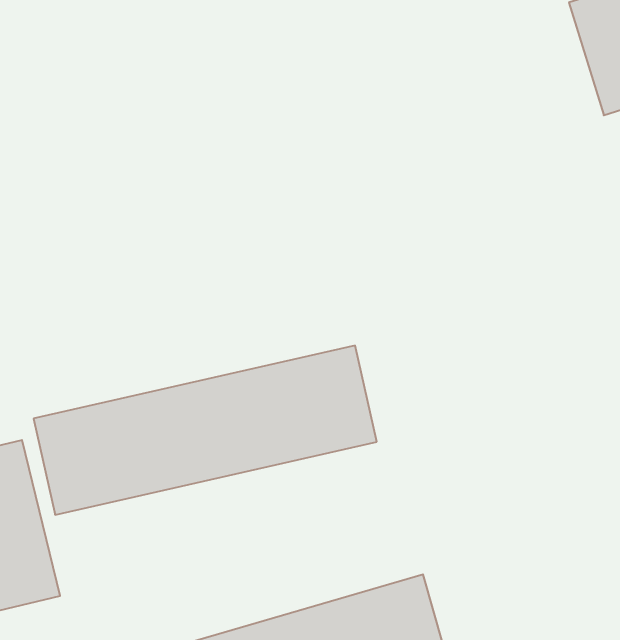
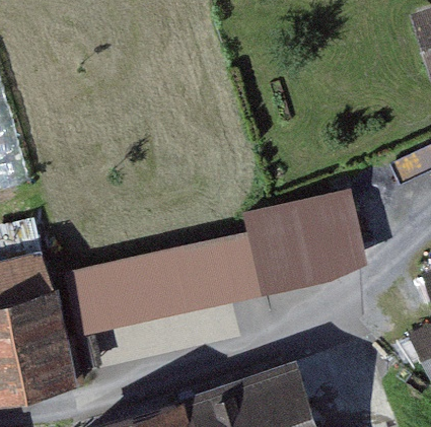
building: none -> [256,190,366,288]

